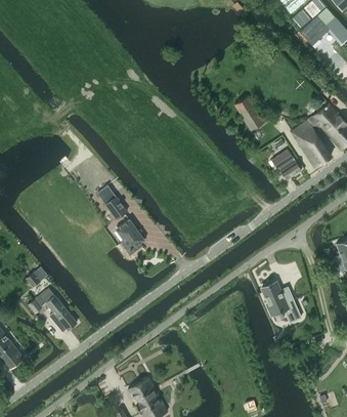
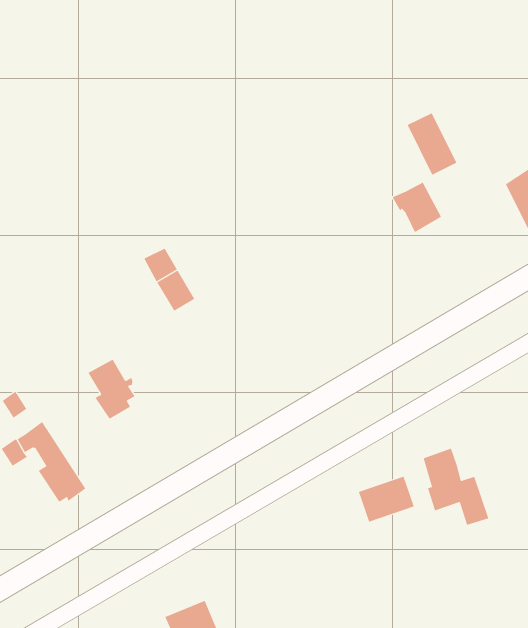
building: [272,151,301,179] -> [392,182,442,233]
building: [116,219,143,253] -> [88,359,135,420]
building: none -> [358,476,415,522]

